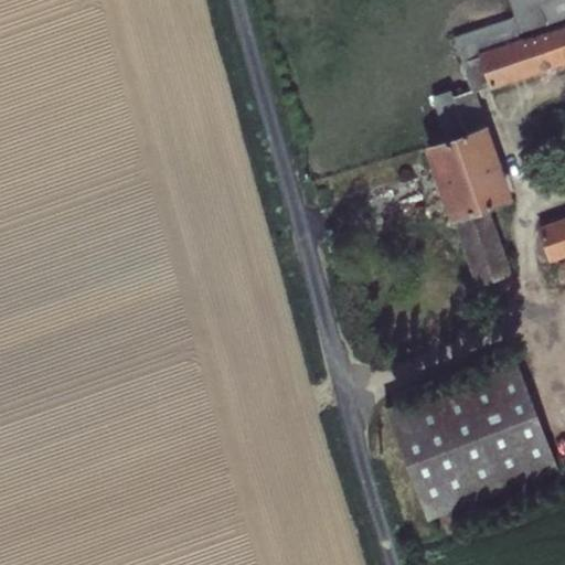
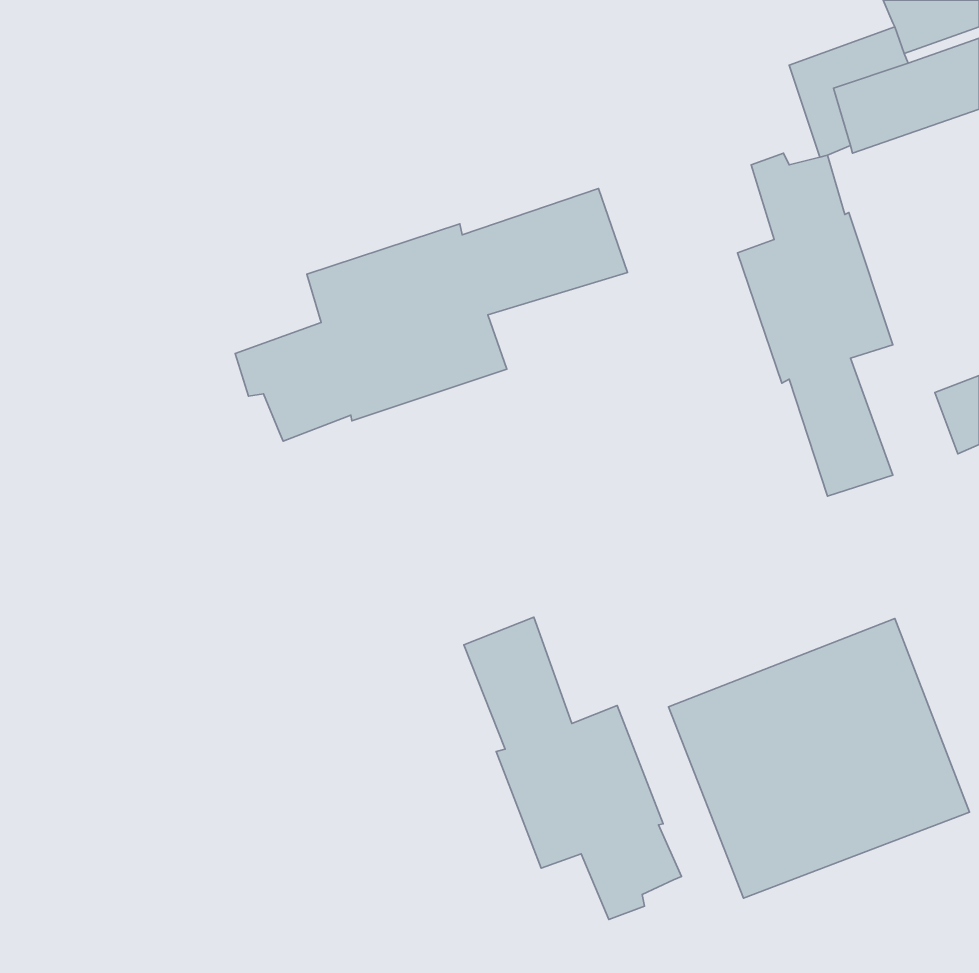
building: none -> [235,188,627,441]
building: none -> [464,617,681,919]

